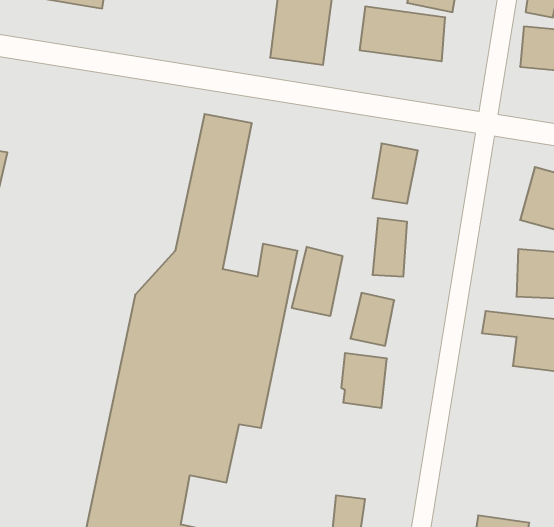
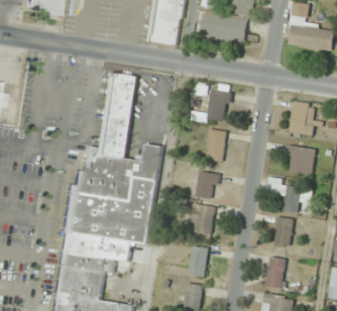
building: [292,247,342,316] -> none
building: none -> [274,218,293,248]
building: none -> [190,247,209,278]
building: none -> [267,258,287,288]

